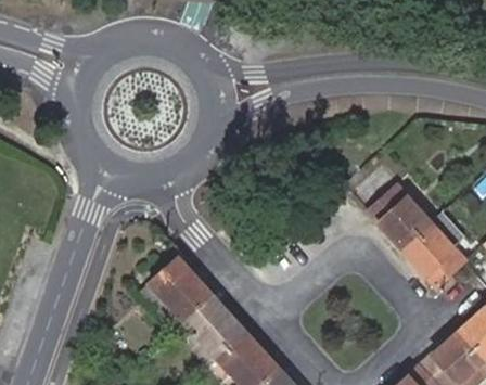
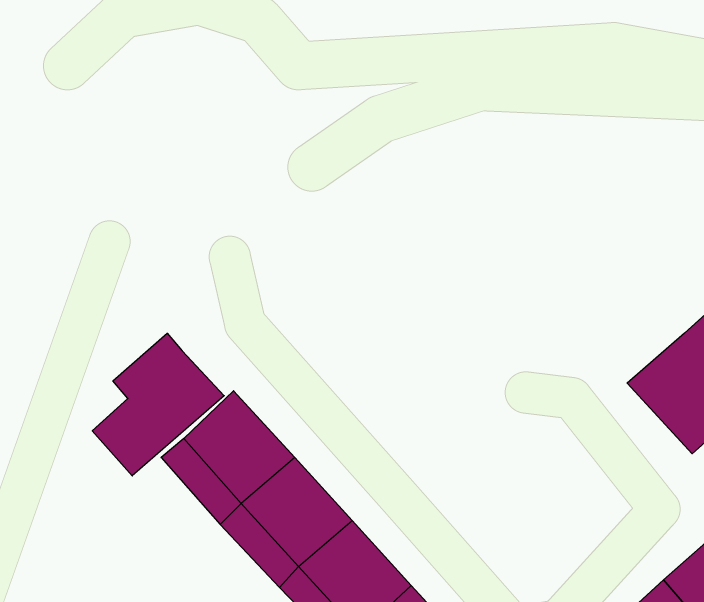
building: [357,165,434,251] -> none
building: none -> [92,333,224,476]

